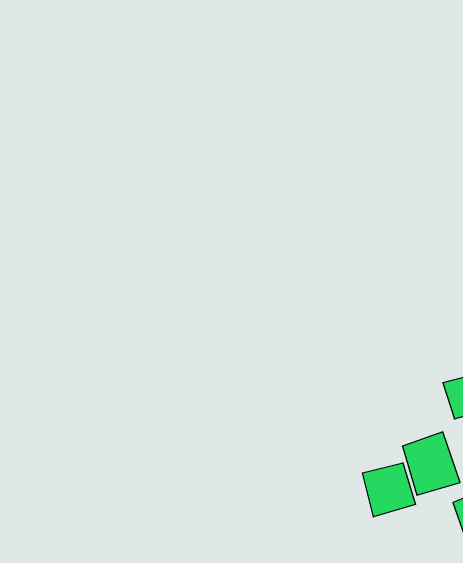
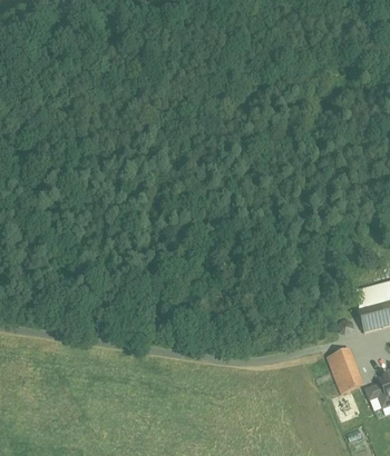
building: [362,463,416,517] -> none

